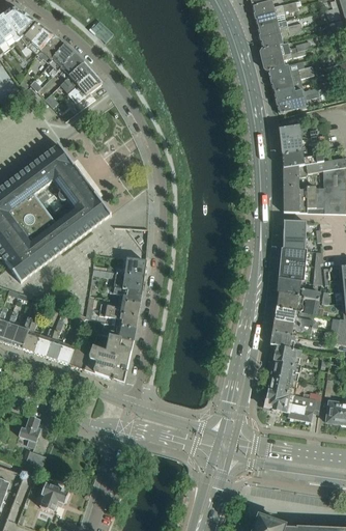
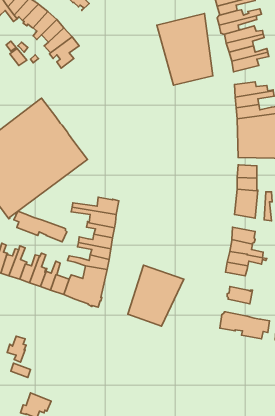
building: none -> [157,14,213,85]
building: none -> [14,211,67,242]
building: [278,277,320,300] -> none
building: none -> [128,265,184,326]
building: [272,344,302,364] -> none
building: [269,374,297,394] -> none

